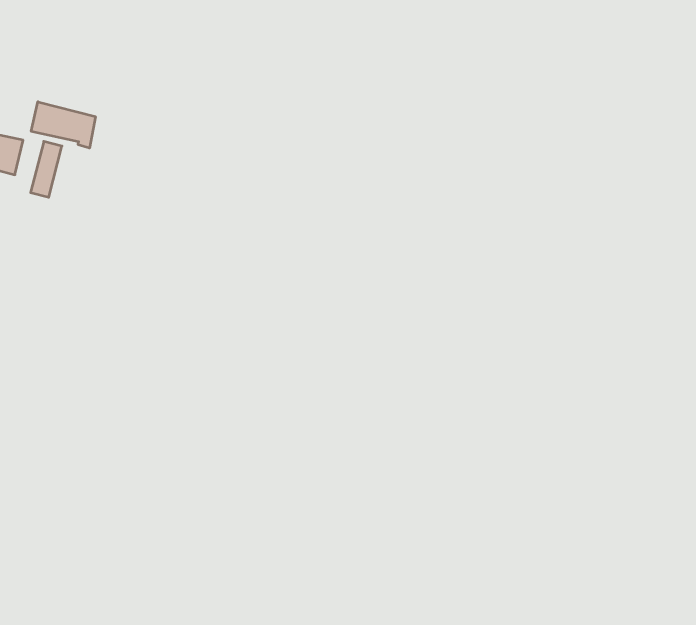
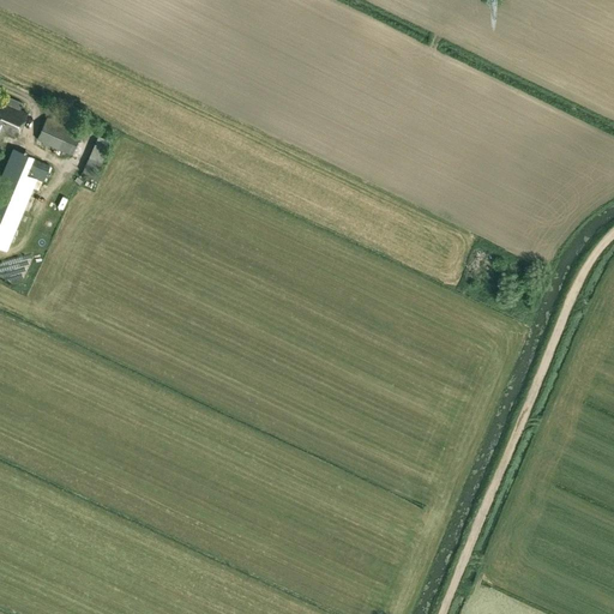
building: [31,102,95,148] -> none

